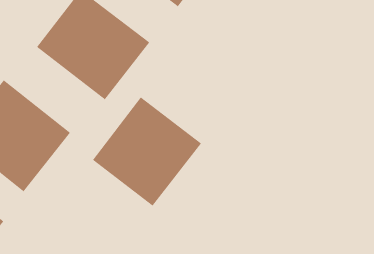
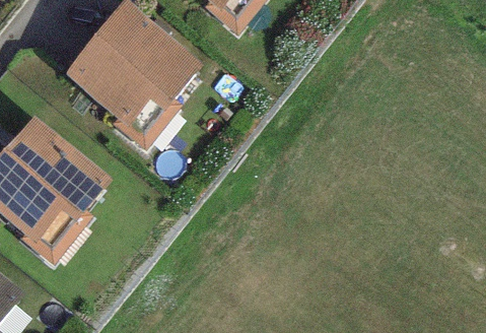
building: [92,97,202,207] -> none

